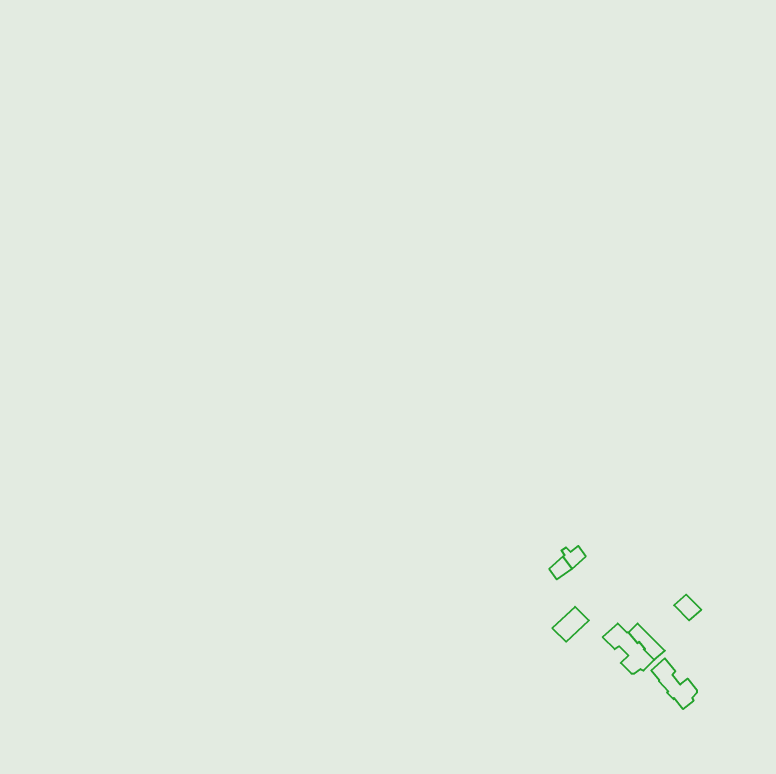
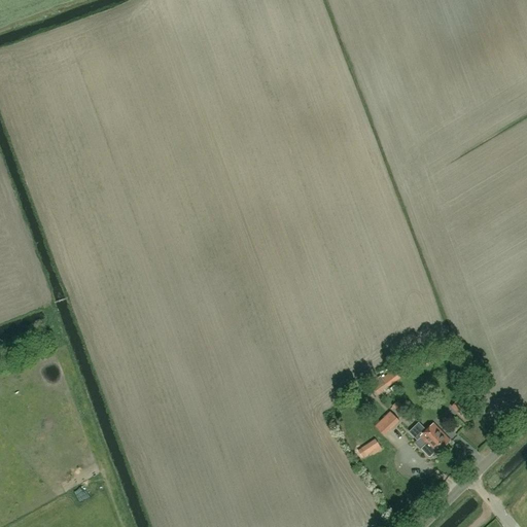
building: [651,658,697,709] -> none

